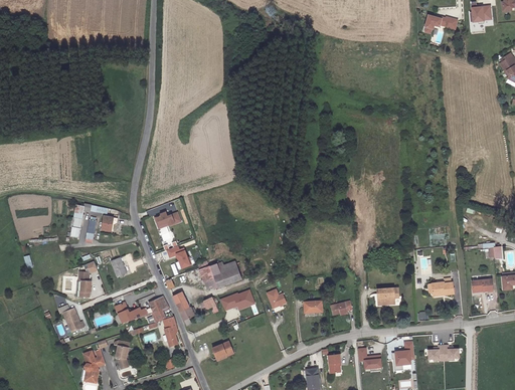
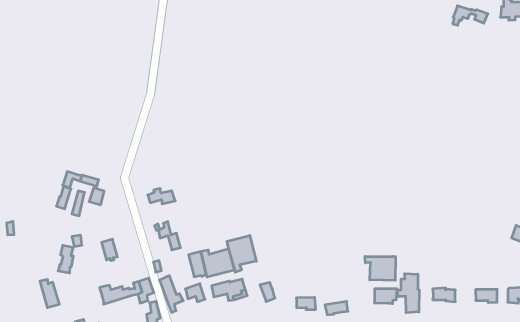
building: none -> [227,235,256,272]
building: none -> [365,256,396,280]
building: none -> [397,274,419,313]

